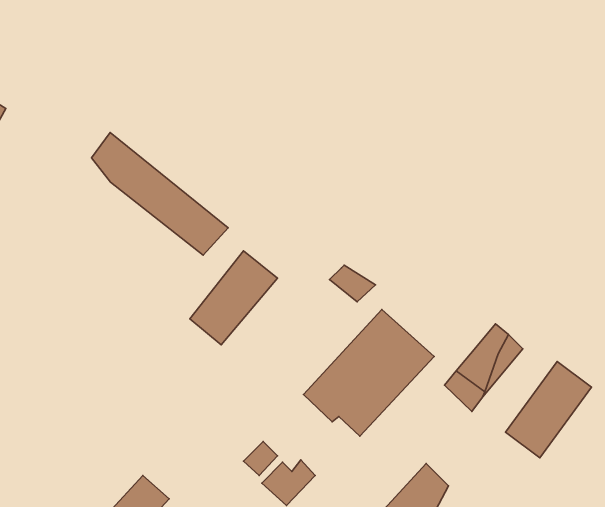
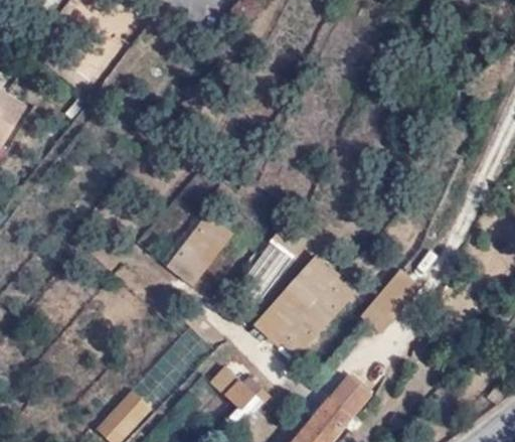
building: [92,132,228,255] -> none
building: [505,361,591,458] -> none

